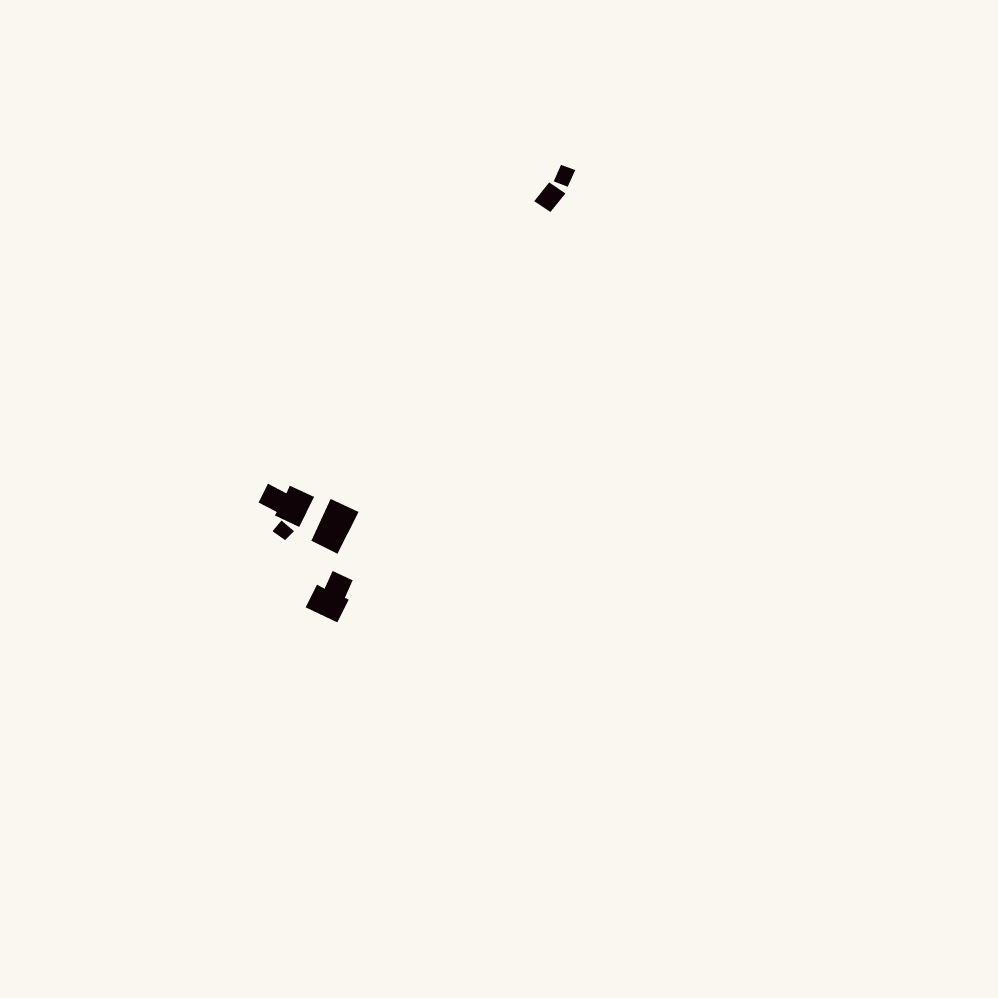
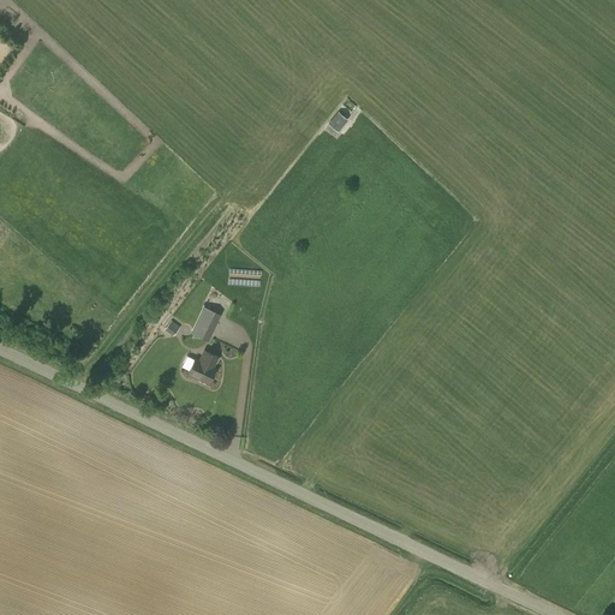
building: [258,483,315,528] -> none

